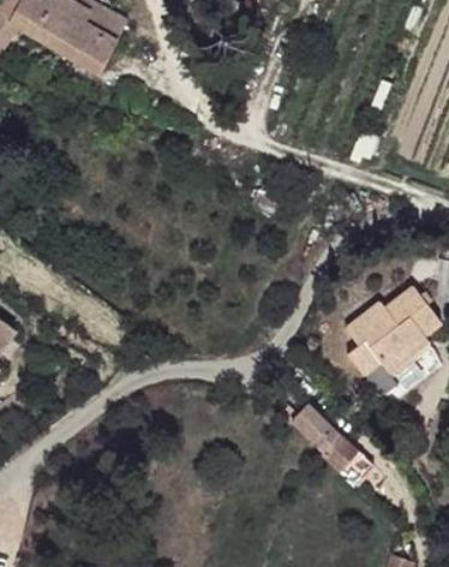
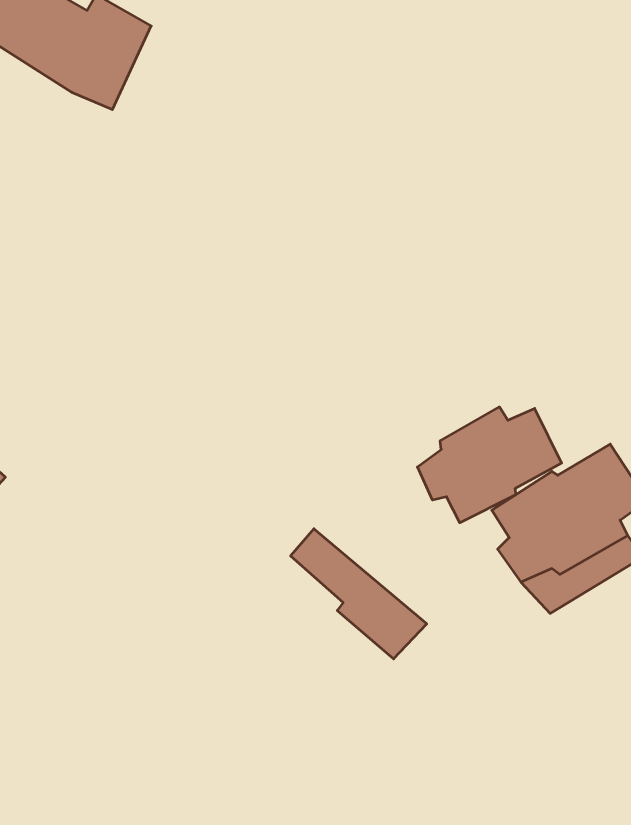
building: none -> [417,407,562,523]
building: [294,407,378,488] -> [291,529,427,659]

